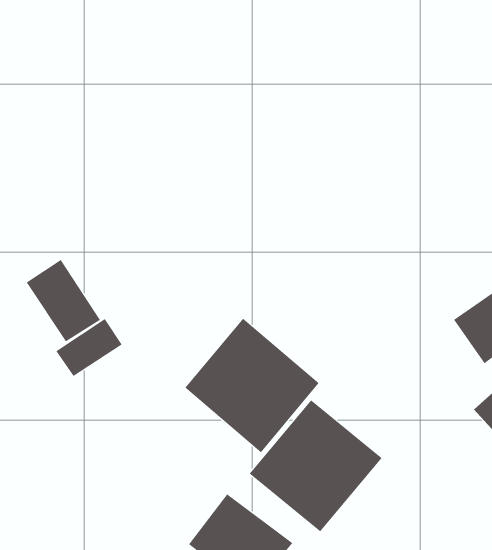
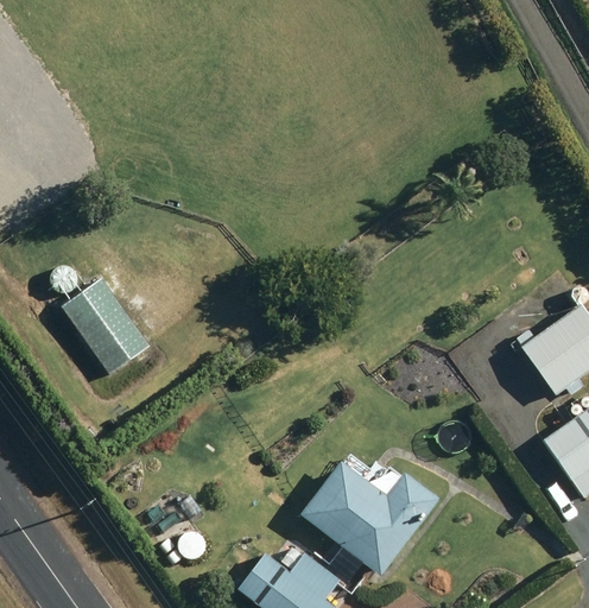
building: [185,318,320,453] -> none
building: [55,318,122,377] -> none

